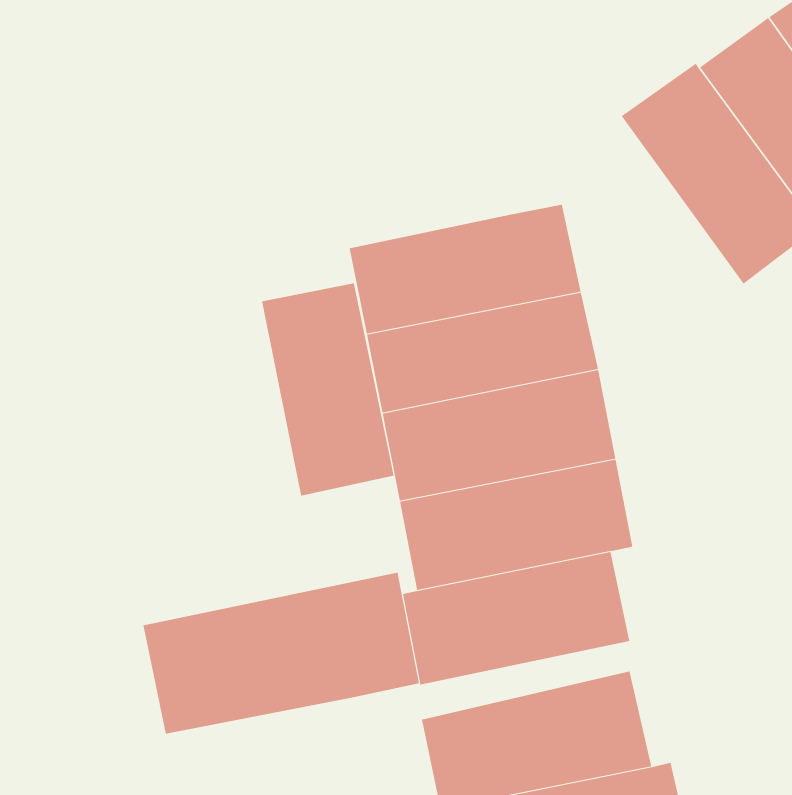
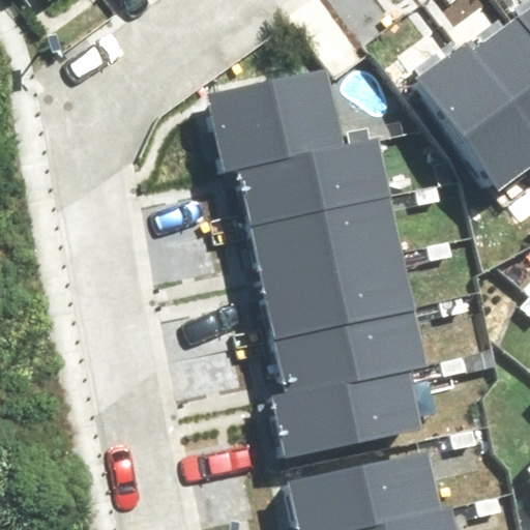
building: none -> [209,75,341,173]
building: [262,283,394,496] -> none
building: [143,572,419,735] -> none

